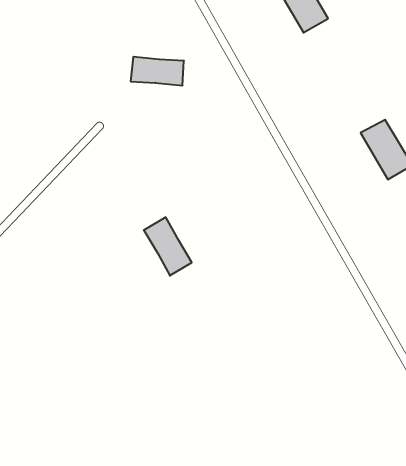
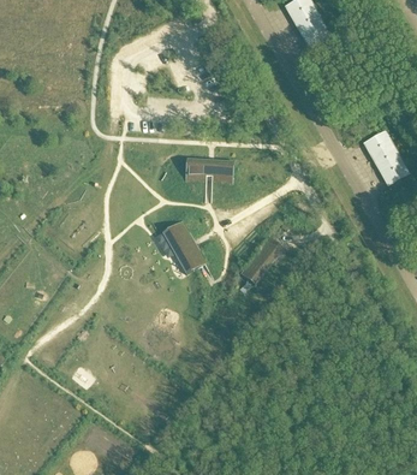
building: [131,57,184,85] -> [185,158,234,184]
building: none -> [240,236,285,285]

